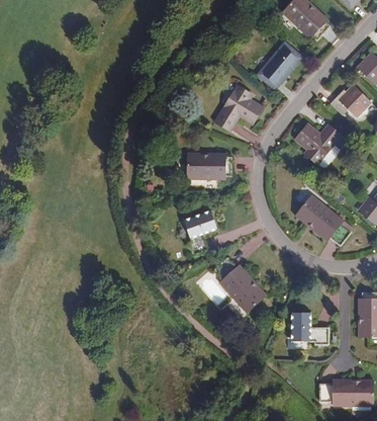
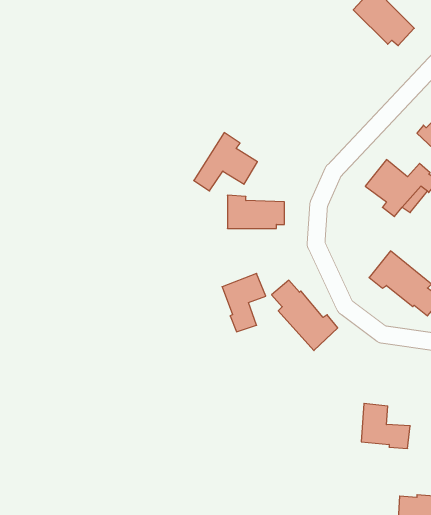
building: [261,43,300,85] -> none
building: [214,84,263,129] -> [194,133,257,191]
building: [214,258,265,312] -> [272,280,338,351]

